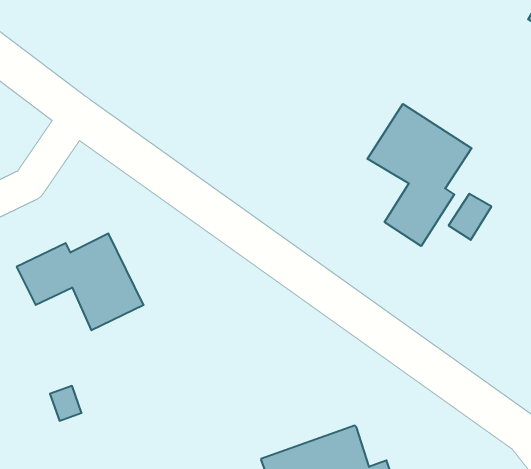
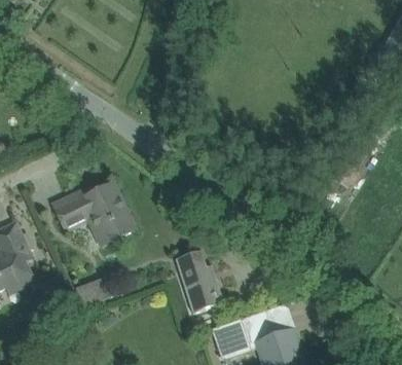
building: [367,104,472,246] -> none
building: none -> [175,250,223,313]

